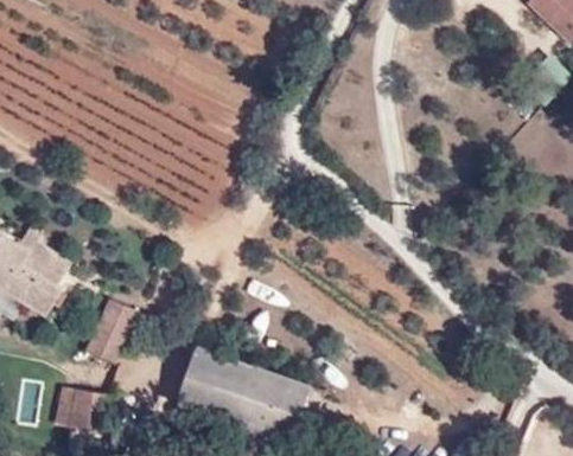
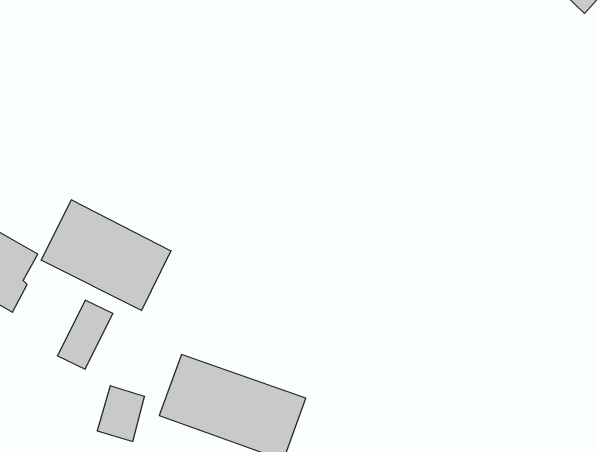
building: none -> [41,200,171,310]
building: [62,379,104,429] -> [97,386,145,441]

